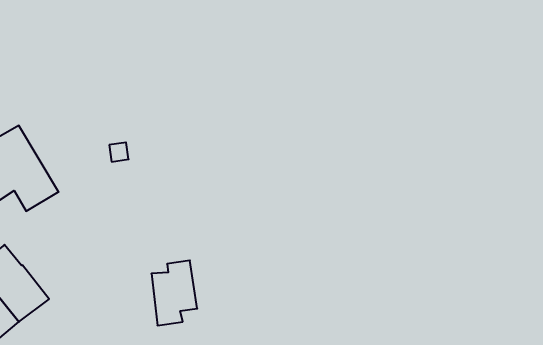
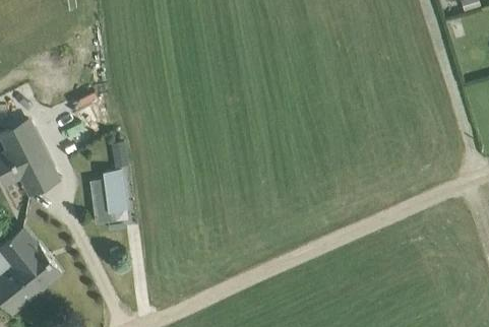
building: [151,260,197,325] -> [89,170,128,224]

